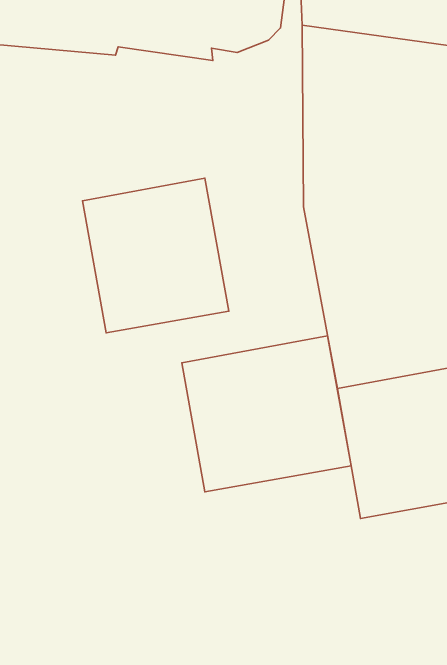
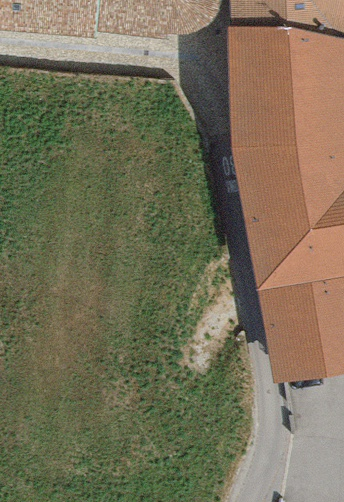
building: [83,178,229,333] -> none
building: [182,336,351,492] -> none

